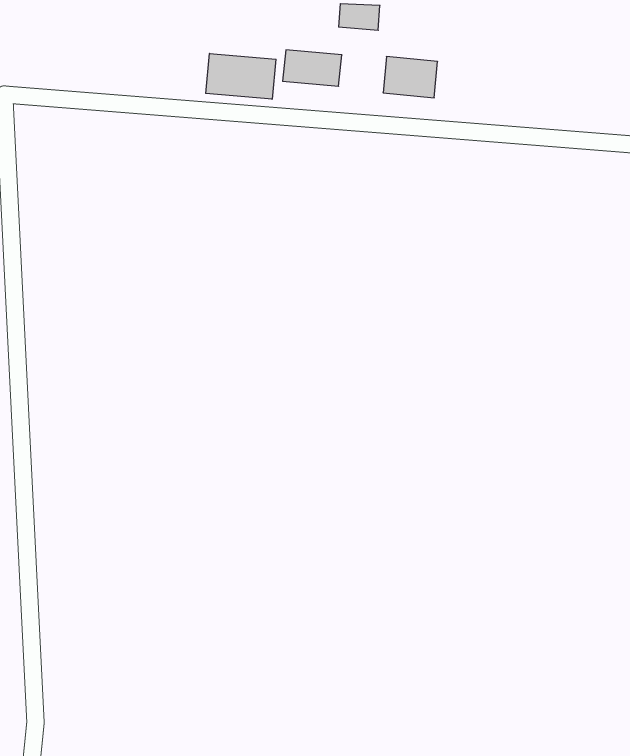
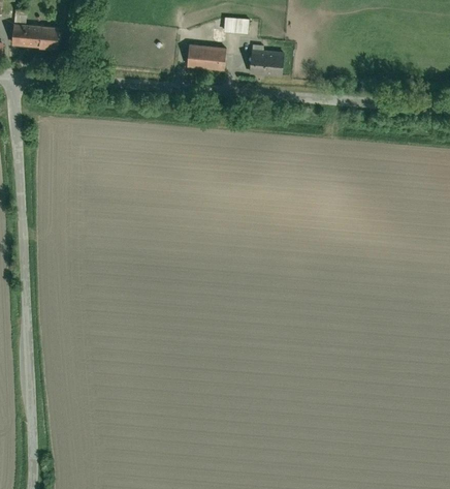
building: none -> [14,24,58,49]
building: [206,53,276,99] -> none

